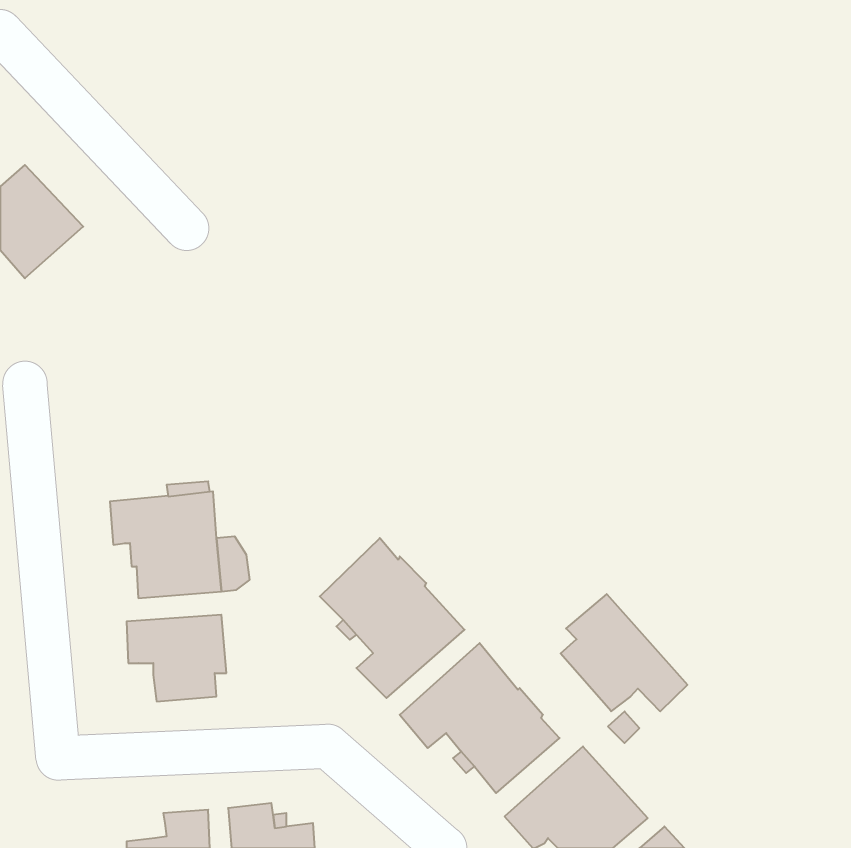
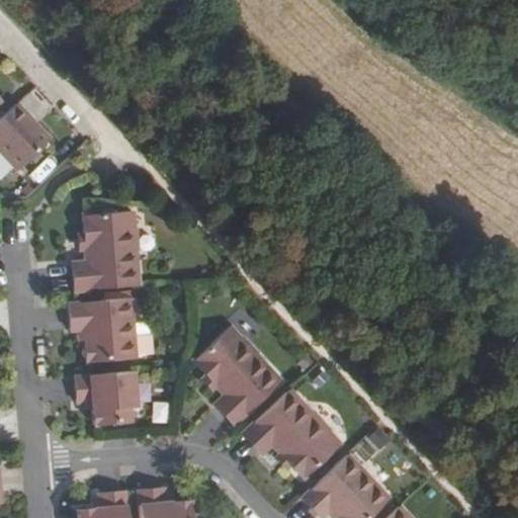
building: none -> [75,212,142,291]
building: [561,594,687,711] -> none

